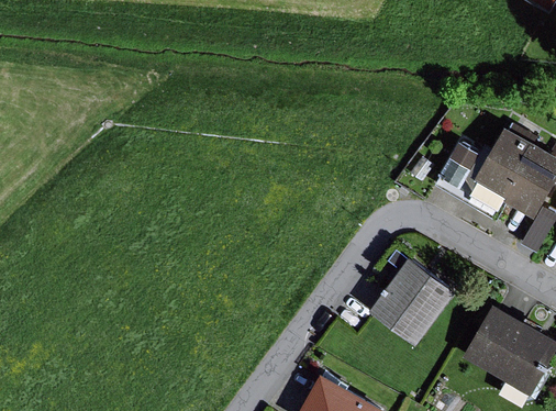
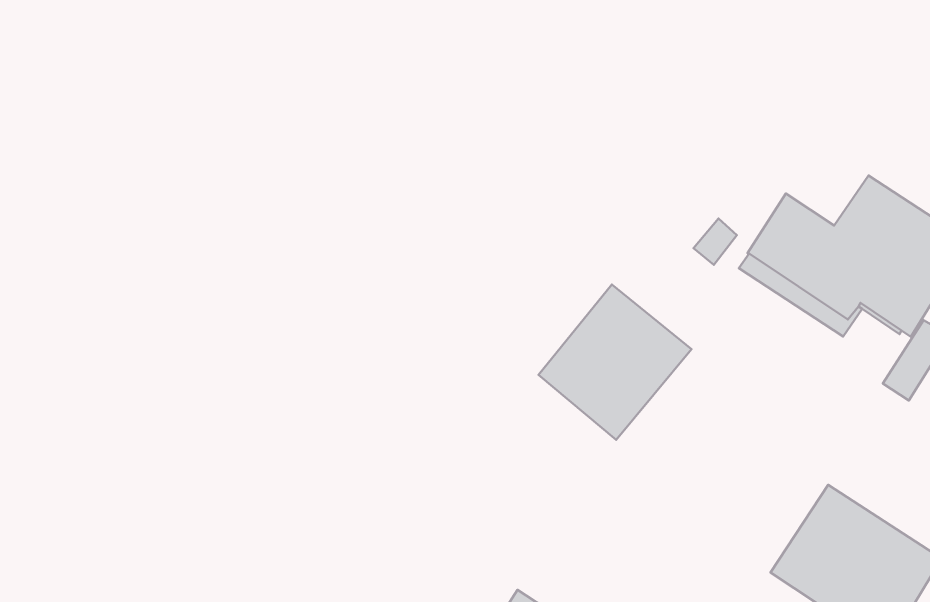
building: [370,256,456,344] -> [539,284,691,440]

